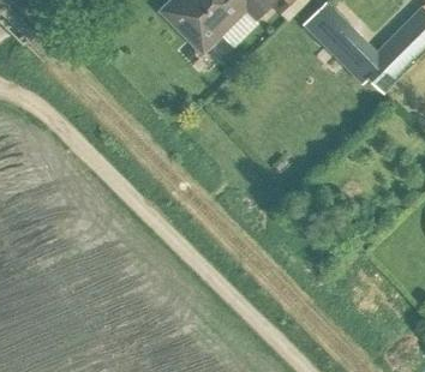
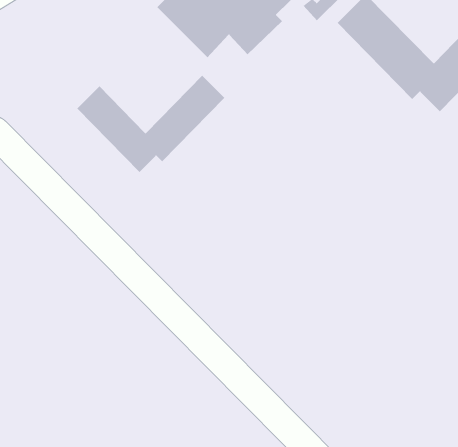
building: none -> [76,75,225,173]

